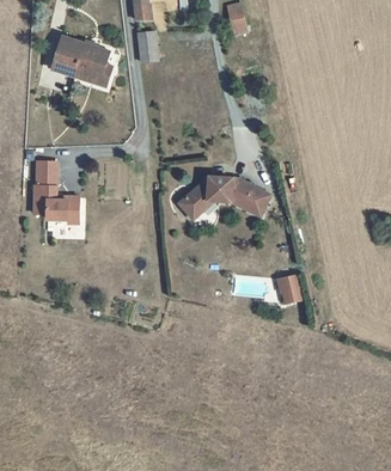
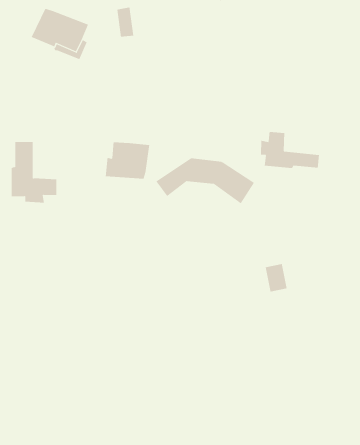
building: none -> [261,131,320,169]
building: none -> [105,142,150,179]

